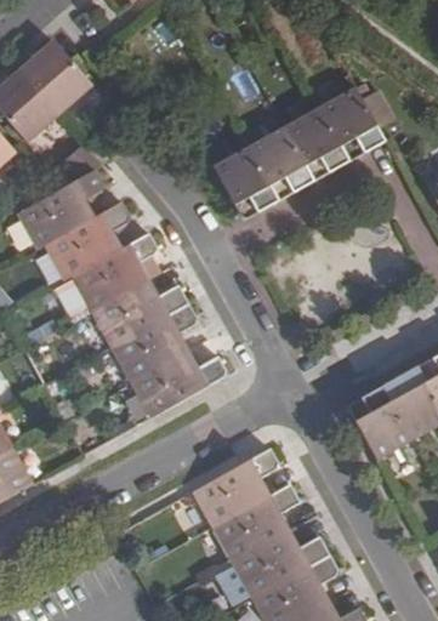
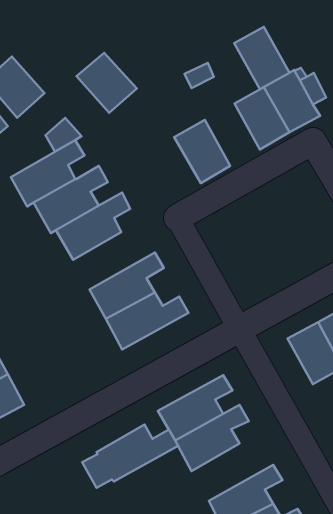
building: [18,42,90,114] -> [77,53,137,113]
building: [248,126,313,200] -> [234,27,289,89]
building: [91,279,188,347] -> none
building: [215,530,329,605] -> [82,424,178,488]

